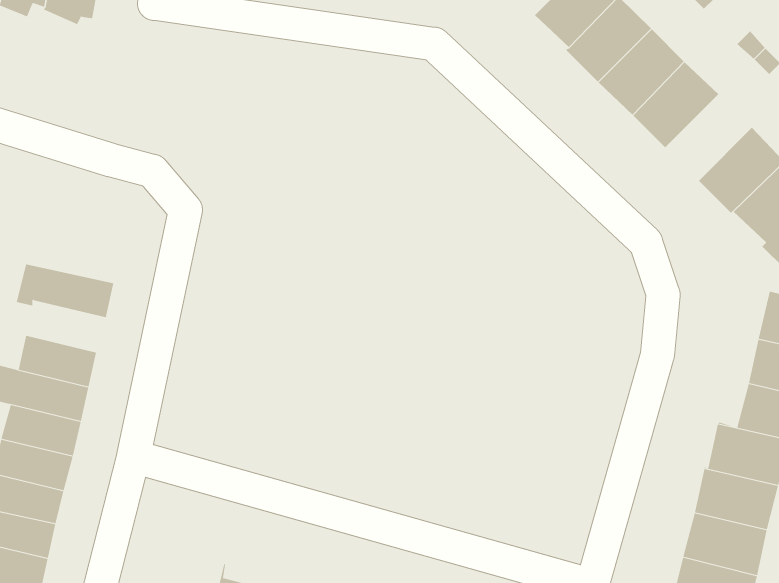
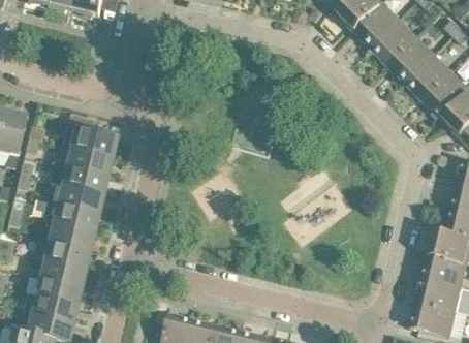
building: none -> [406,55,452,101]
building: none -> [63,114,115,156]
building: none -> [63,165,106,193]

